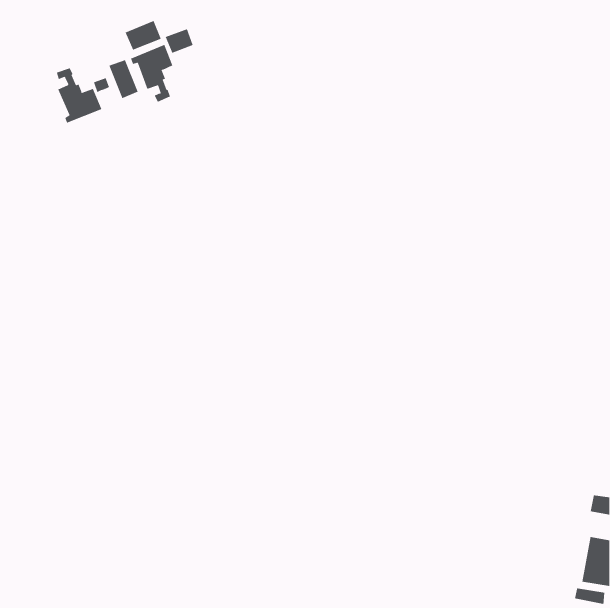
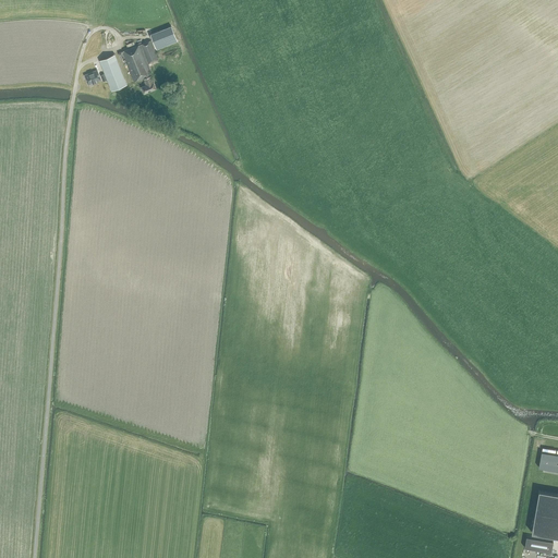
building: [125,20,161,51] -> none
building: [56,67,102,123] -> none

